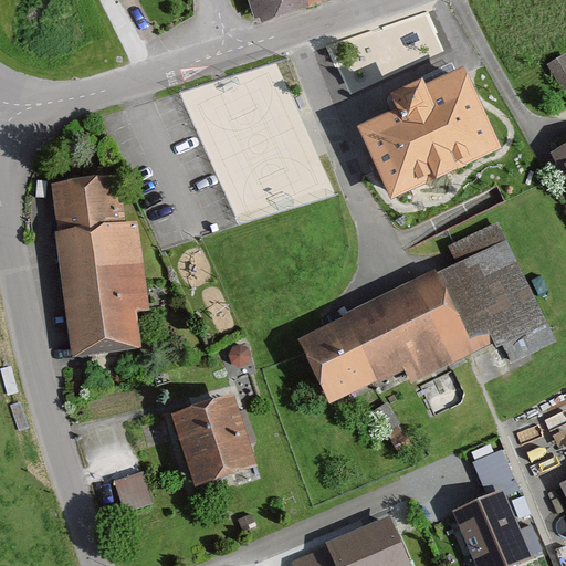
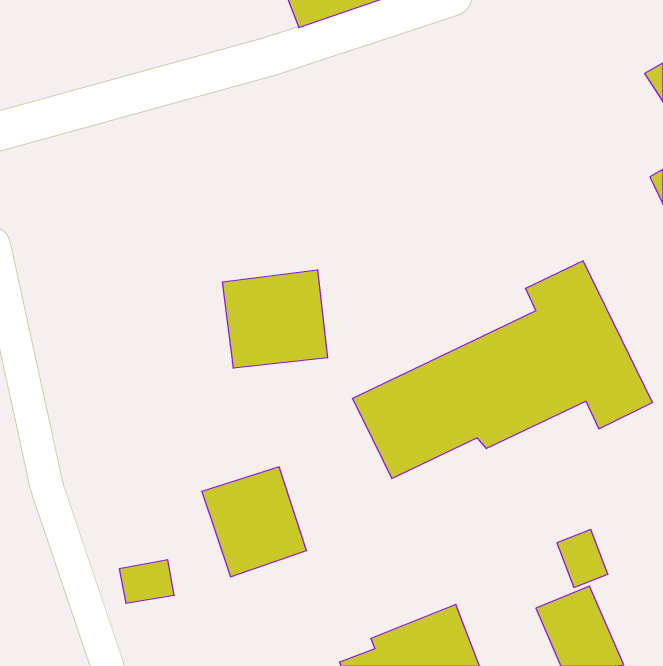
building: [358,63,507,202] -> none
building: [51,175,147,353] -> none
building: none -> [223,270,328,368]

